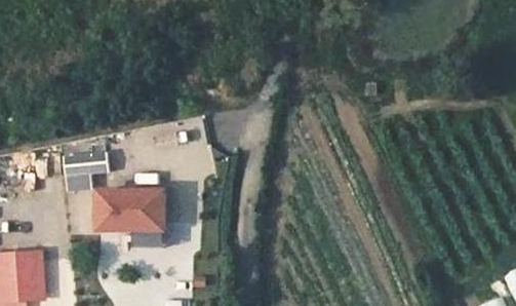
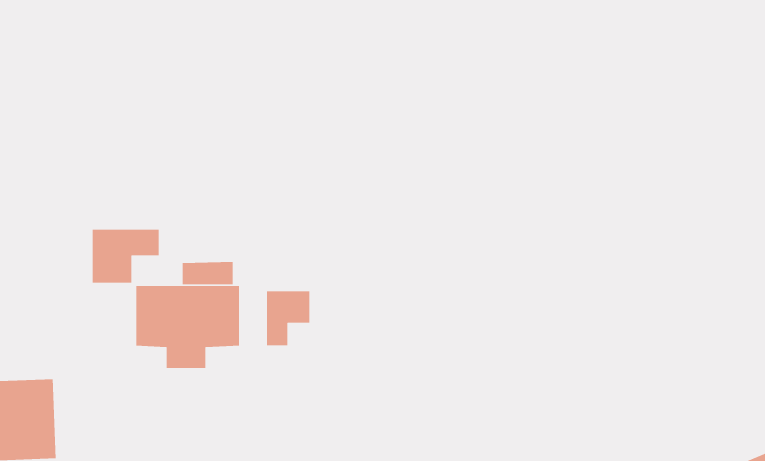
building: none -> [266,290,310,346]

